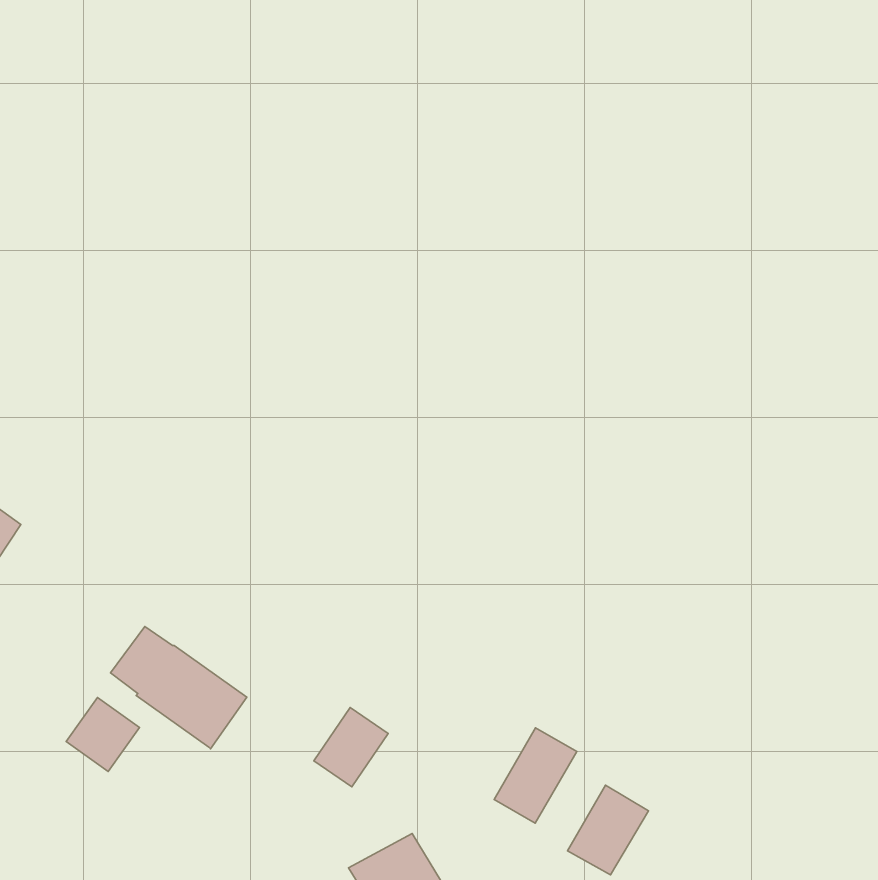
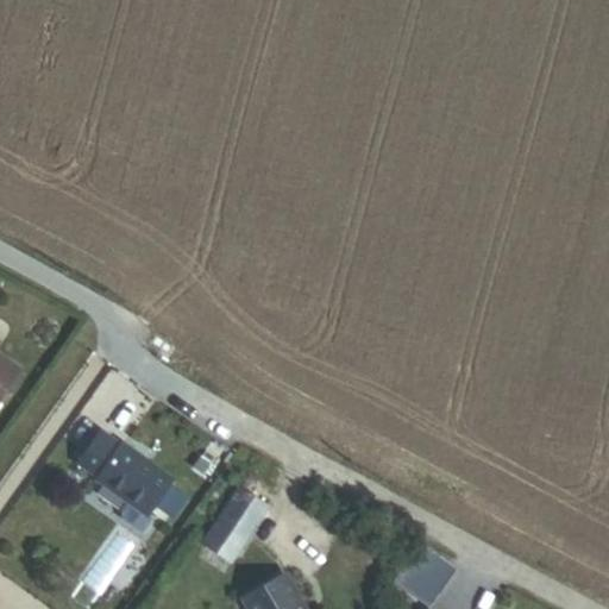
building: [66,698,140,771] -> none
building: [494,728,577,823] -> none

